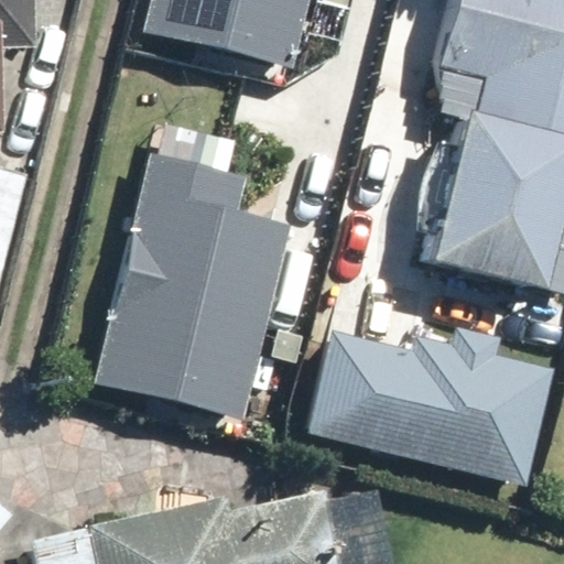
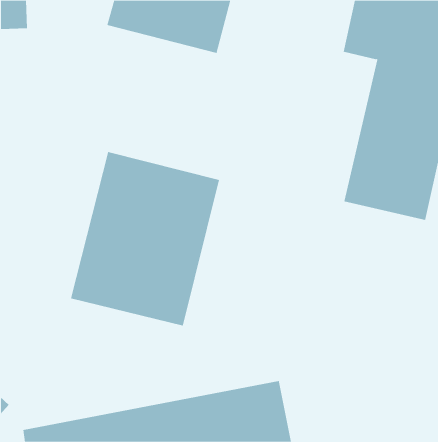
building: [310,336,549,481] -> none

